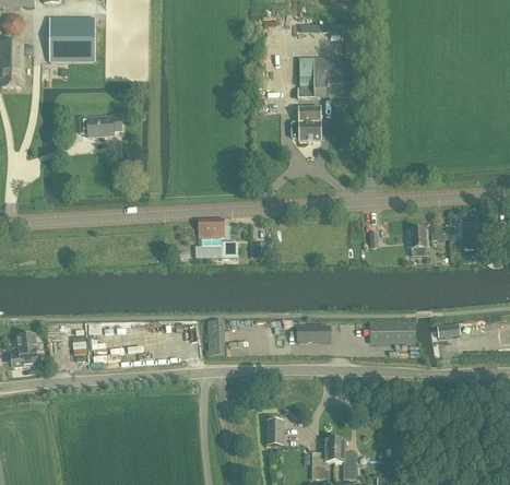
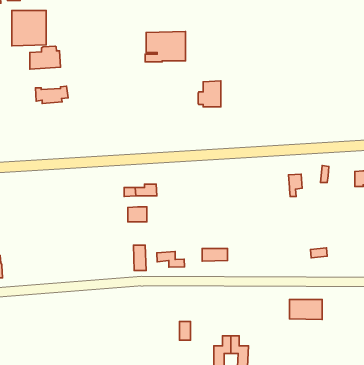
building: [298,58,351,97] -> [145,32,186,62]
building: none -> [30,46,61,69]
building: [199,217,224,237] -> [128,207,147,222]
building: [370,321,413,347] -> [290,300,322,320]
building: none -> [157,251,184,267]

